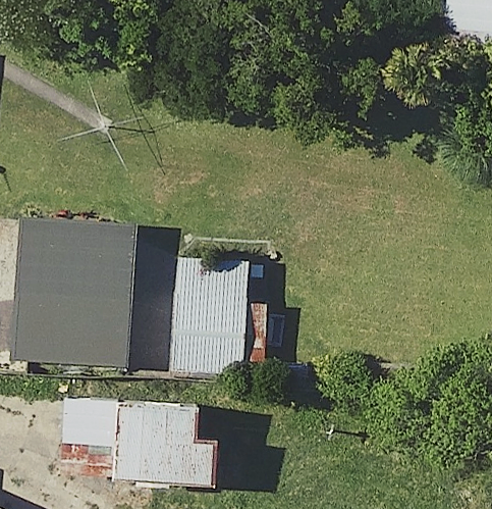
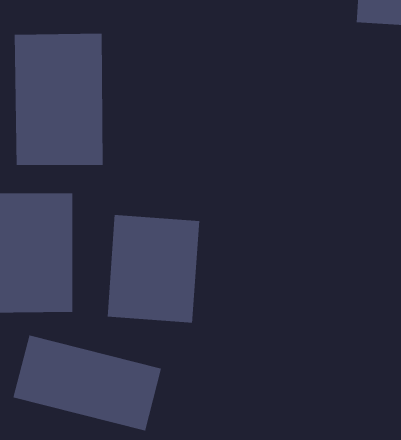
building: none -> [14,33,103,166]

